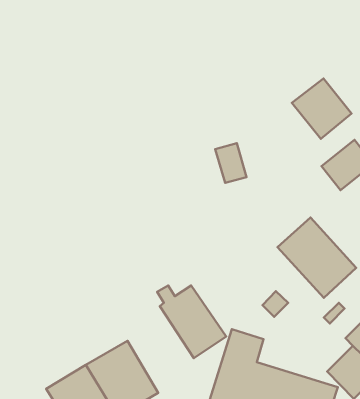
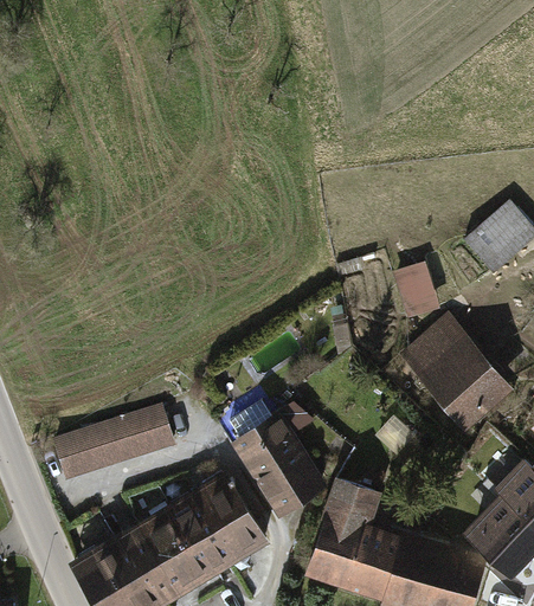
building: [292,79,351,139] -> none
building: [215,143,247,183] -> [394,264,439,321]
building: none -> [53,408,175,482]
building: none -> [187,468,270,565]

